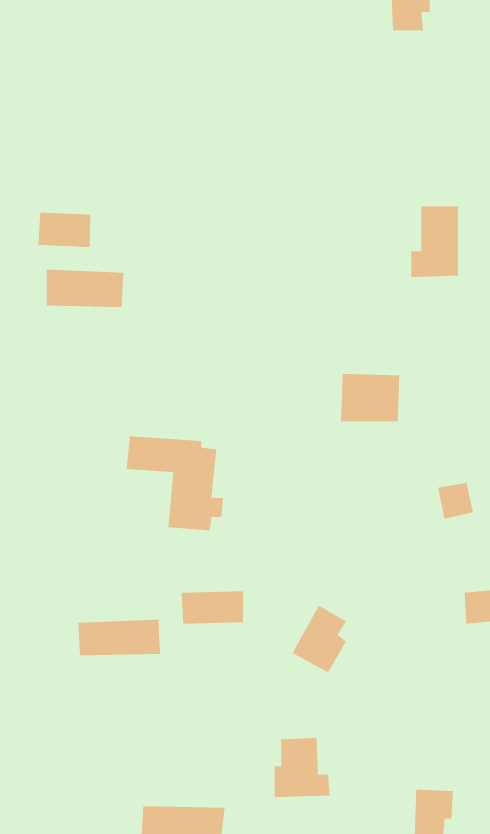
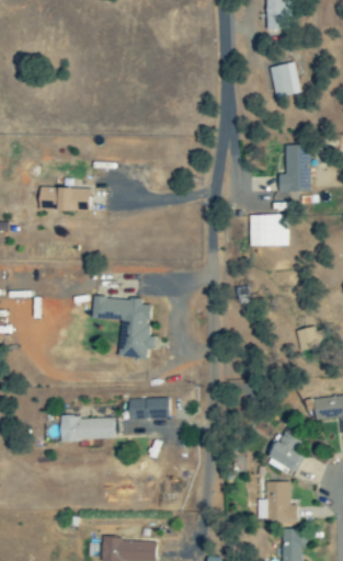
building: none -> [268,61,300,98]
building: [38,212,91,248] -> none
building: [340,374,400,422] -> [249,214,288,245]
building: [292,605,347,673] -> [265,431,301,476]
building: [274,738,330,797] -> [261,481,298,520]

